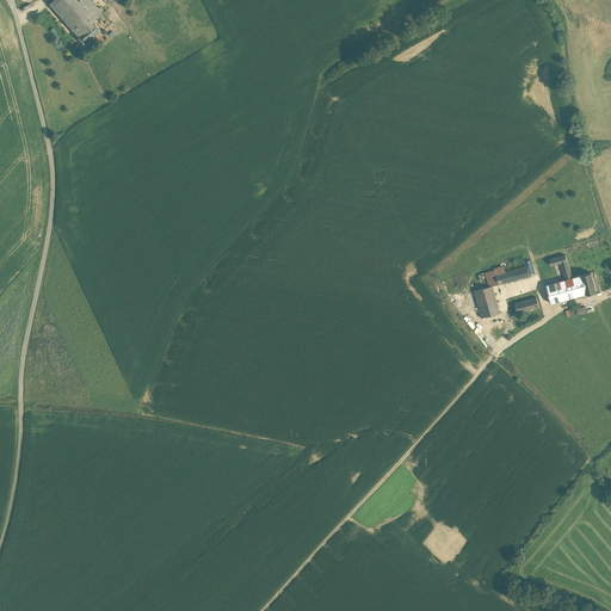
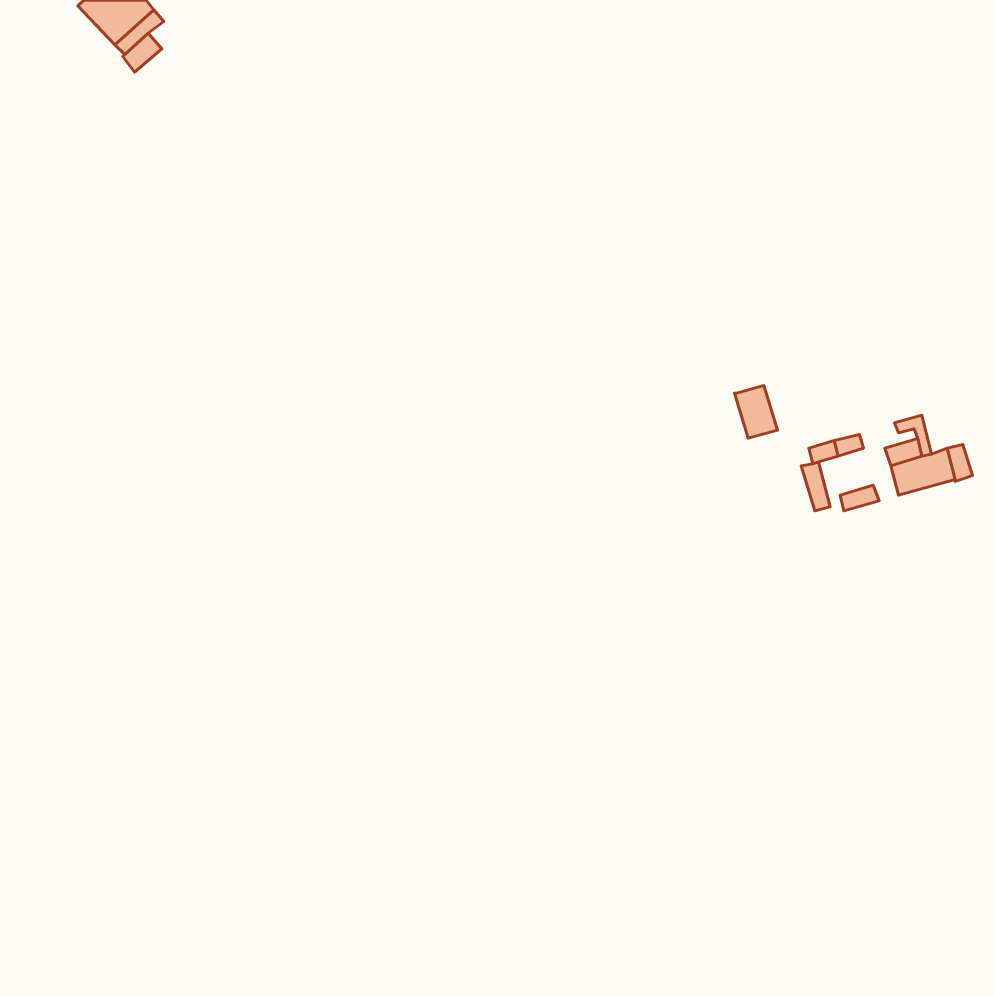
building: [473,285,499,317] -> [735,385,777,438]

